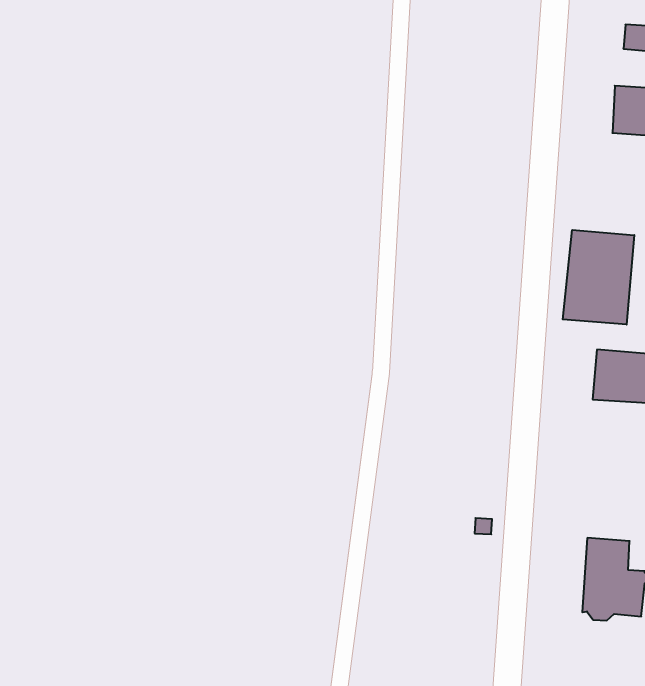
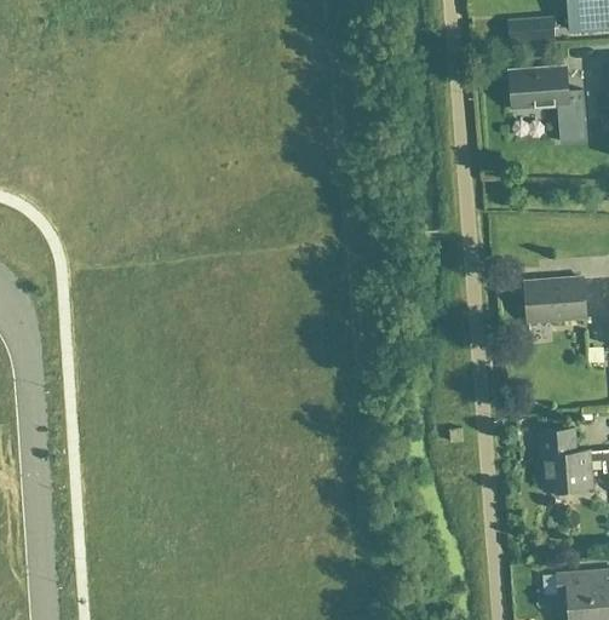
building: [563,230,634,325] -> none

